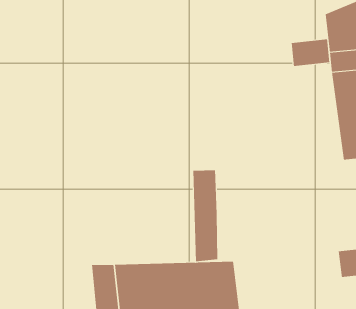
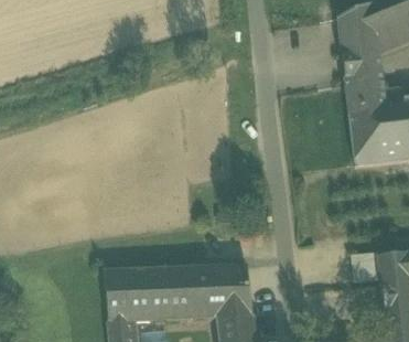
building: [291,38,330,67] -> none
building: [193,170,218,262] -> none

